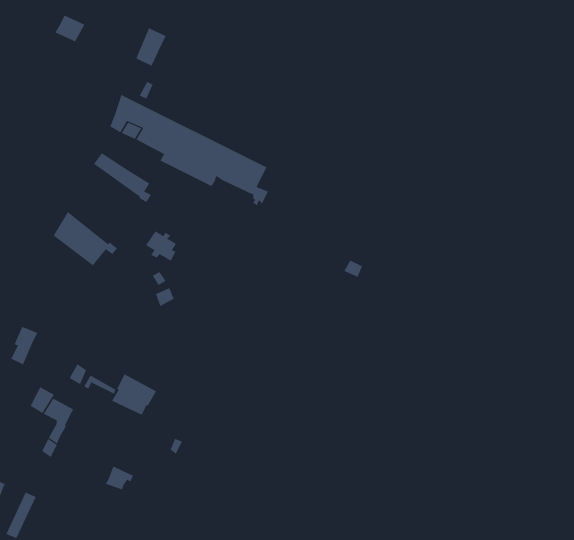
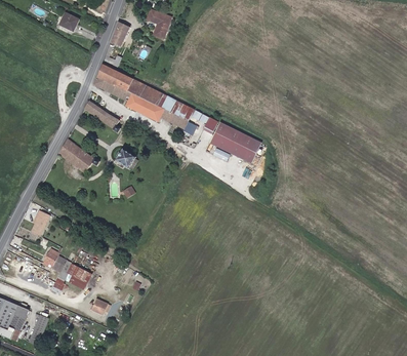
building: none -> [147,9,171,38]
building: none -> [209,122,260,164]
building: [111,373,157,416] -> [64,263,92,289]

